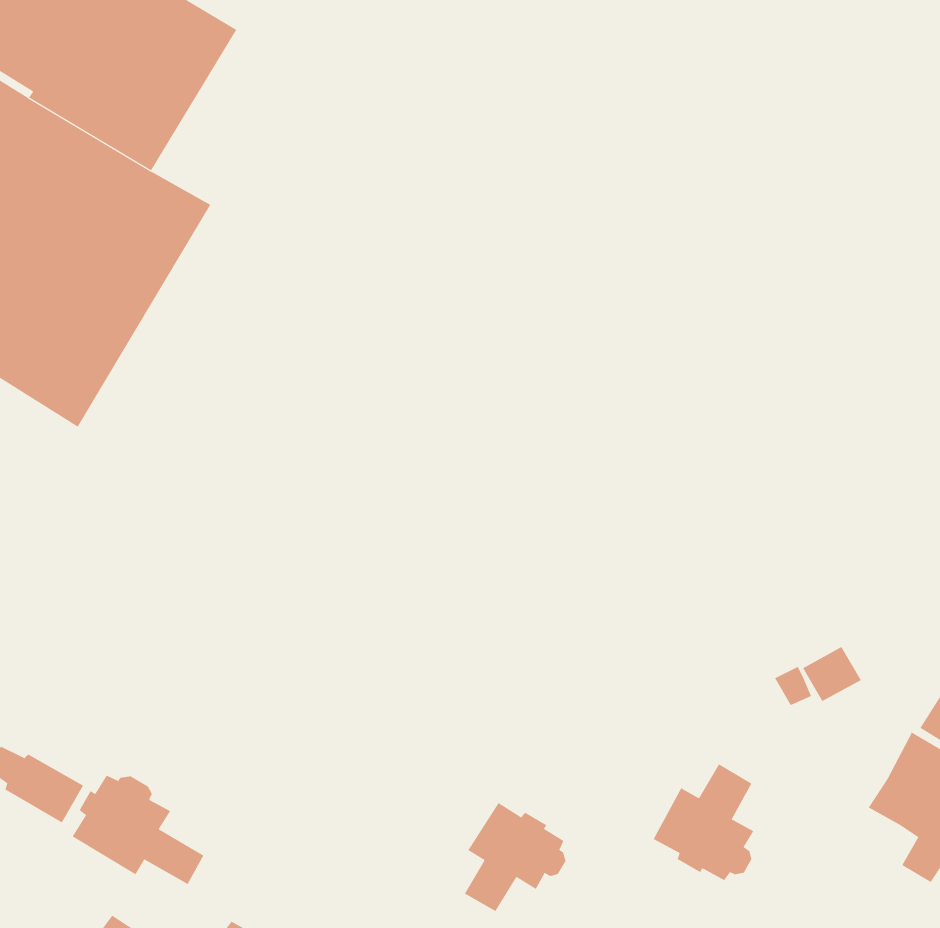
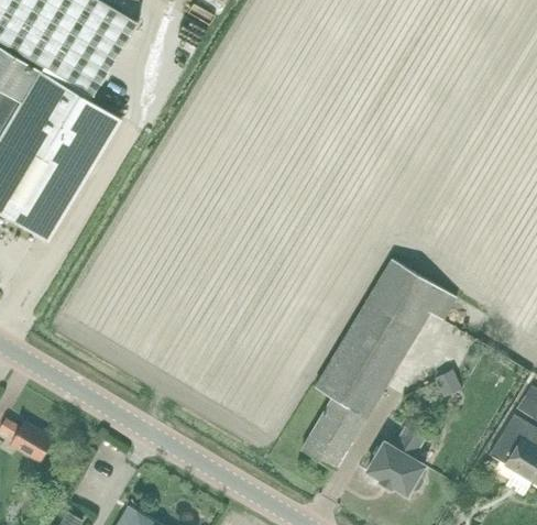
building: none -> [299,258,456,470]
building: [72,775,204,885] -> none
building: [464,802,566,912] -> none

